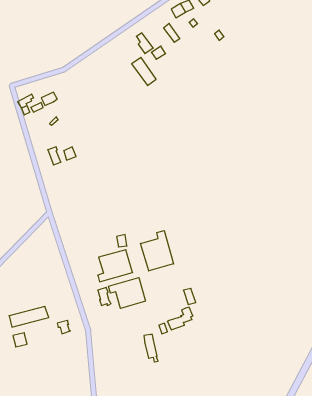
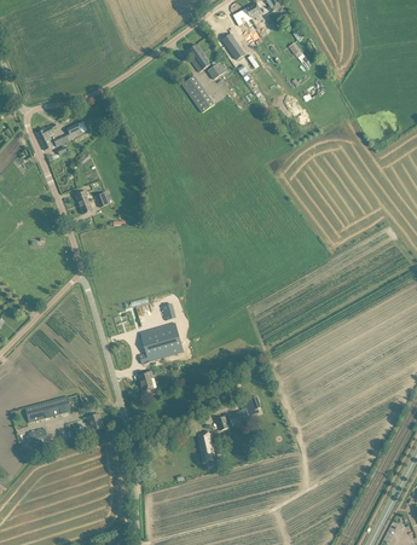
building: [141,231,174,271] -> none
building: [108,278,145,308] -> none

